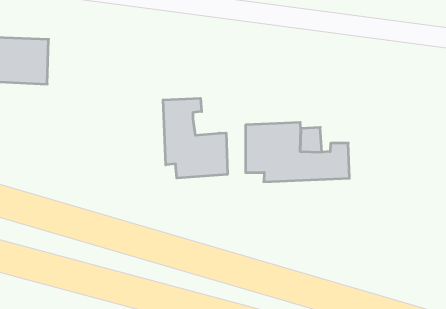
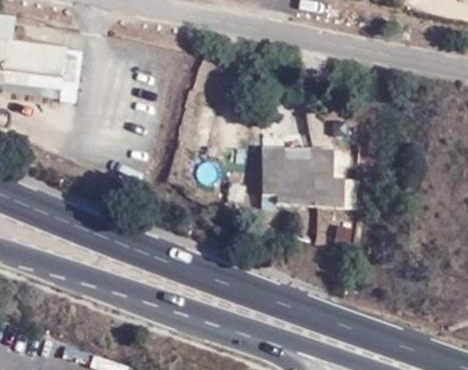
building: [163,98,227,178] -> none

